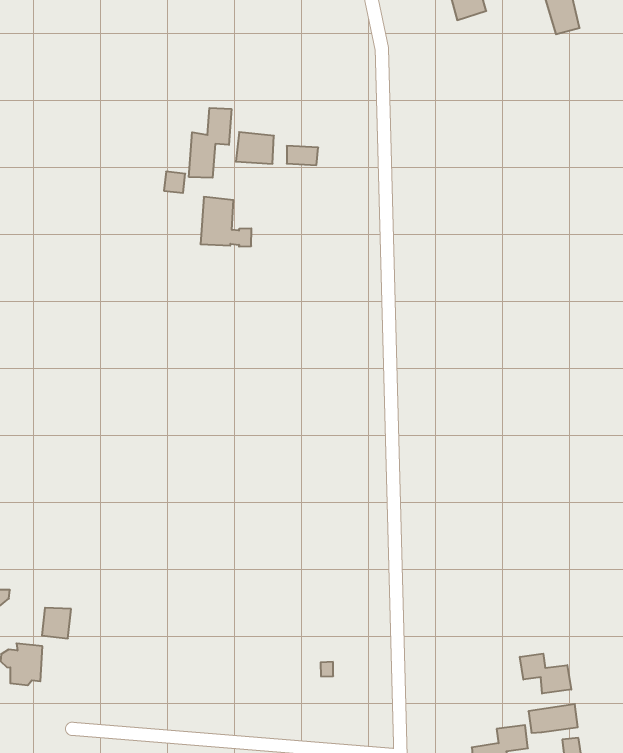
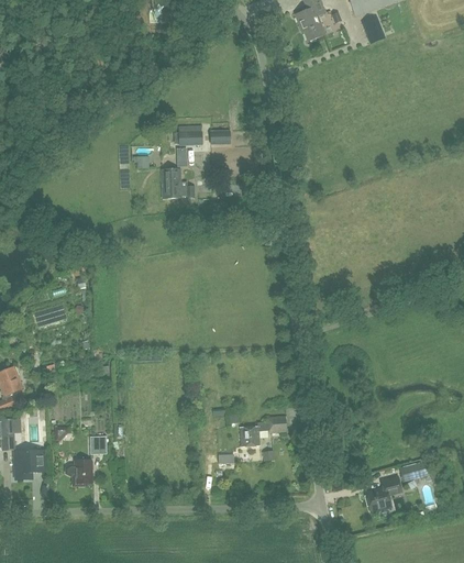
building: [189,108,231,178] -> none
building: none -> [239,415,285,445]
building: [520,654,571,694] -> none

